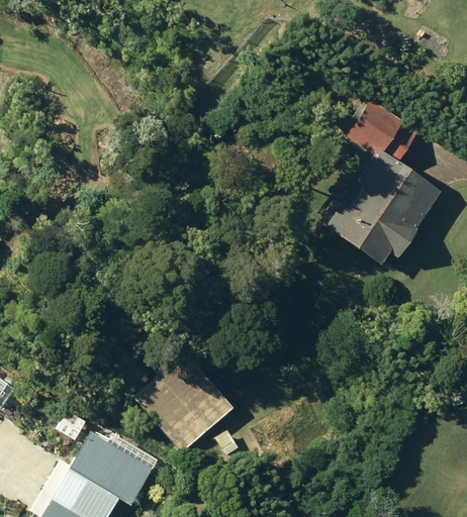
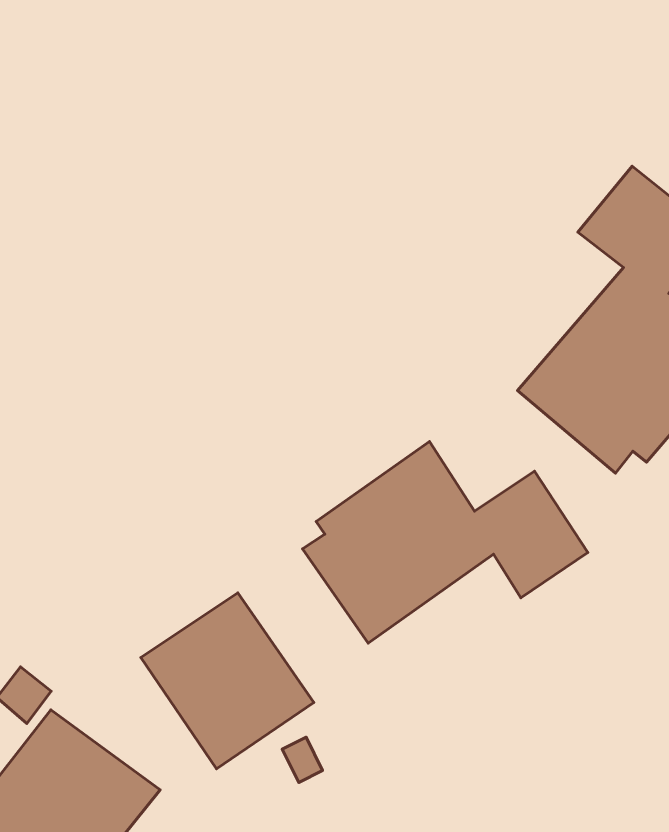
building: none -> [303,441,588,643]

